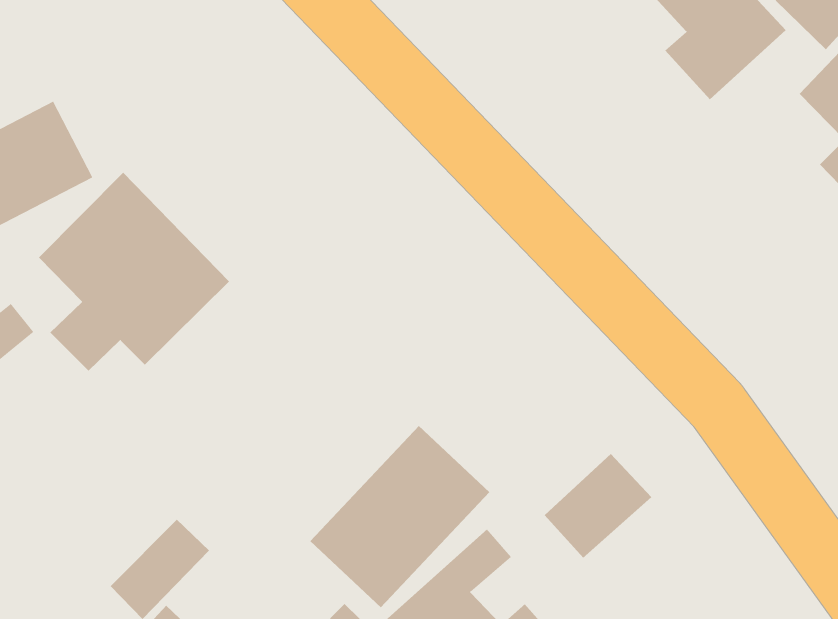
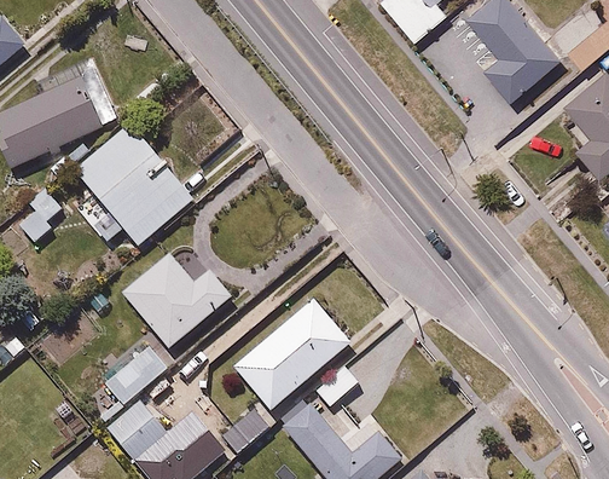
building: none -> [123,254,234,350]
building: [544,453,652,559] -> none

